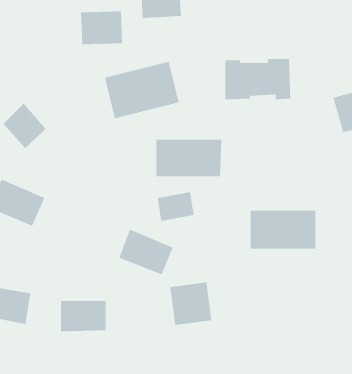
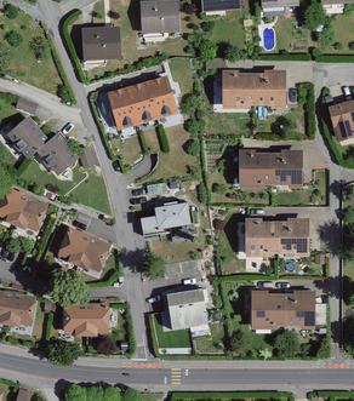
building: none -> [35,130,81,174]
building: [156,139,222,177] -> [239,149,303,185]
building: [118,229,174,275] -> [56,228,109,273]
building: none -> [252,290,315,326]

